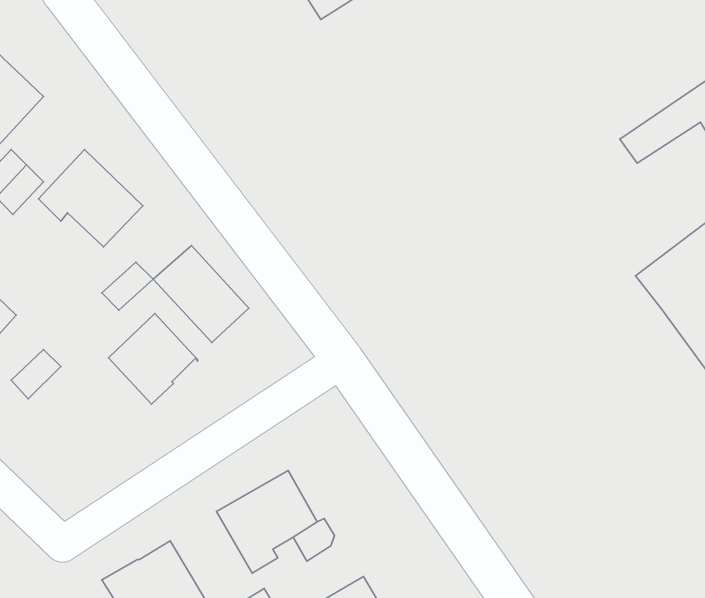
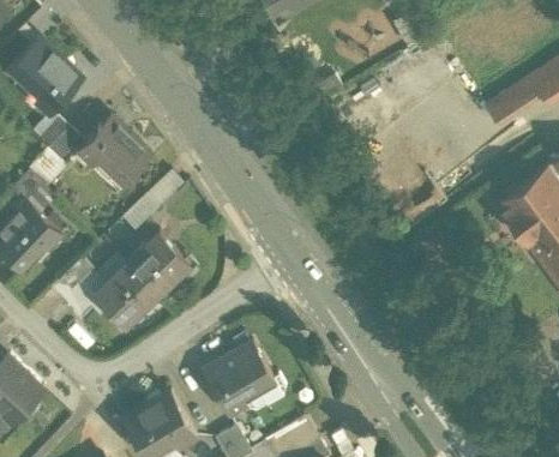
building: [153,245,249,342] -> none
building: none -> [94,264,157,327]

